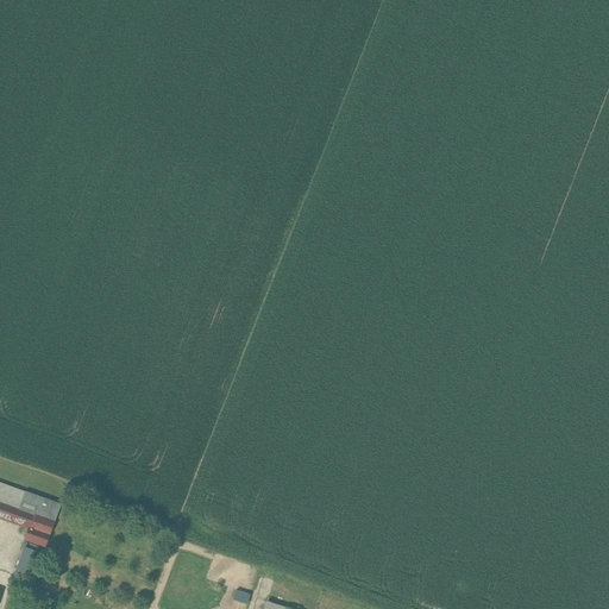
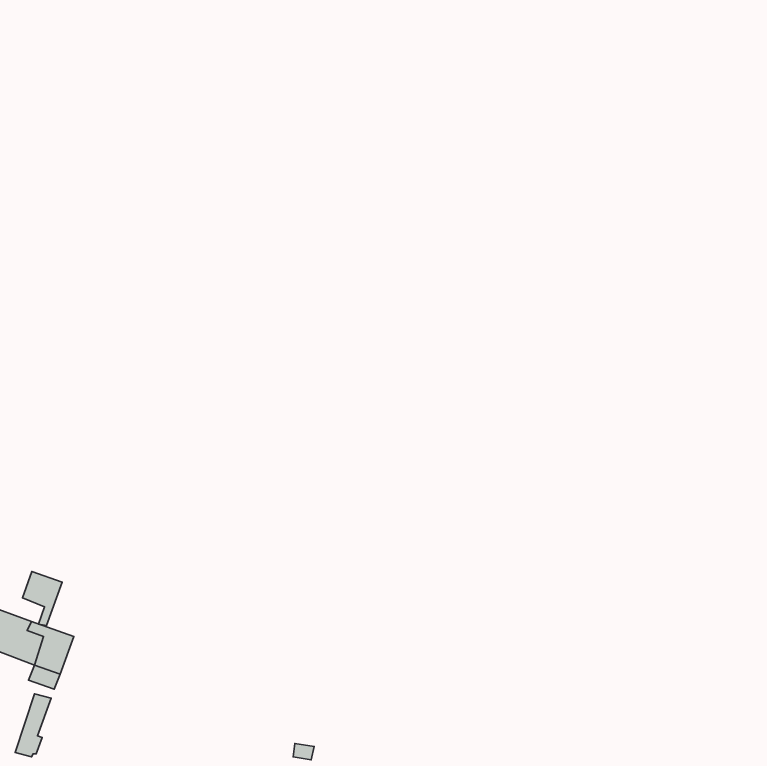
building: none -> [22,572,62,626]

